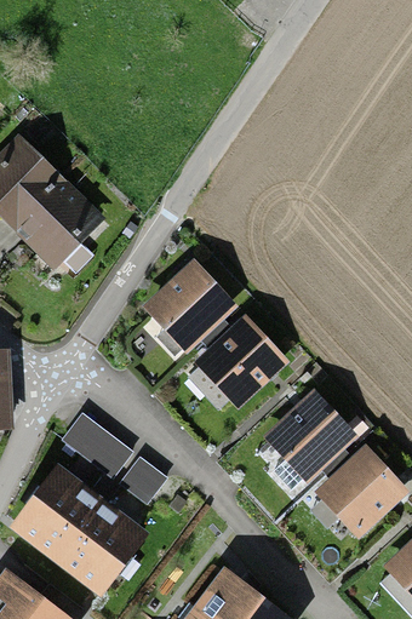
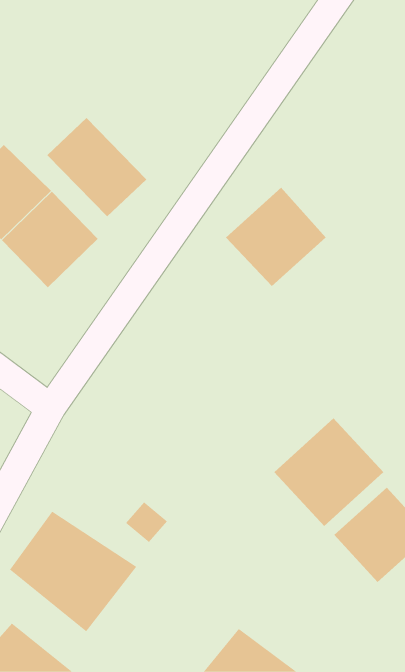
building: none -> [47,117,147,217]
building: [139,260,231,351] -> [225,187,326,287]
building: [193,314,285,406] -> none
building: [65,413,133,476] -> none

